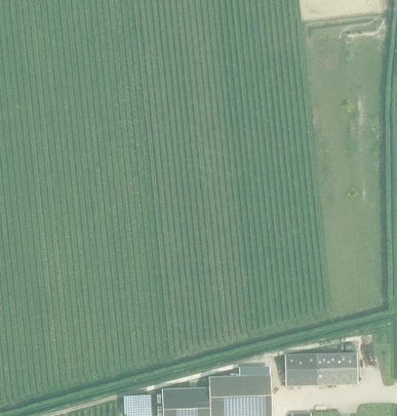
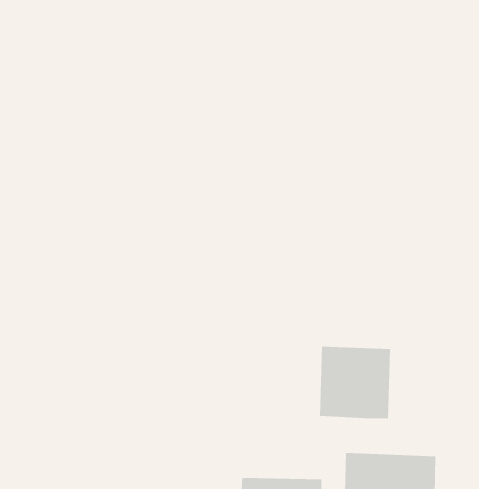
building: none -> [319,346,391,419]

